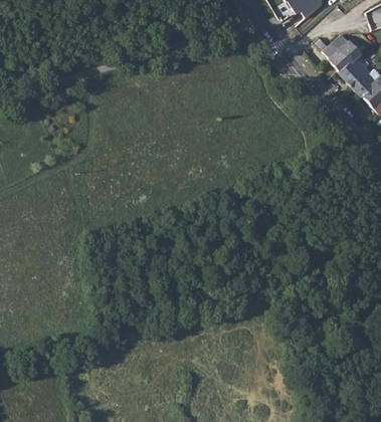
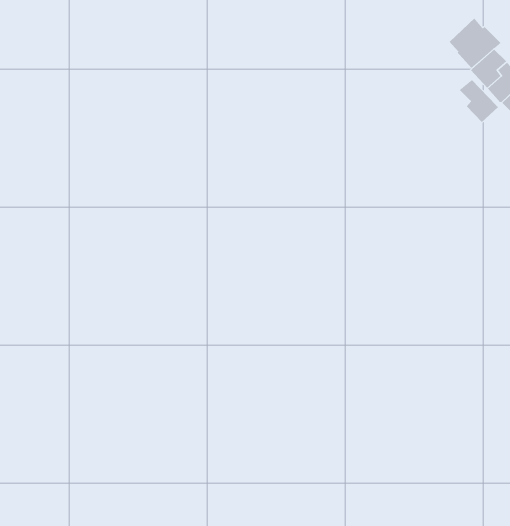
building: none -> [459,79,499,123]

